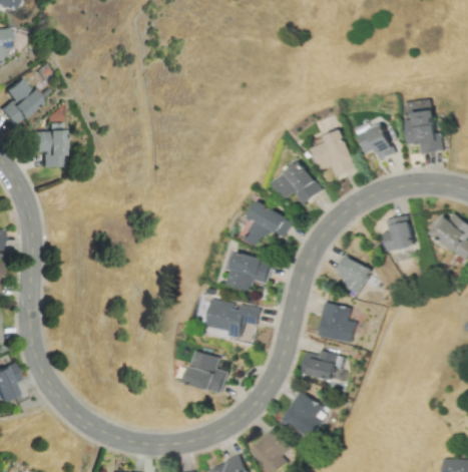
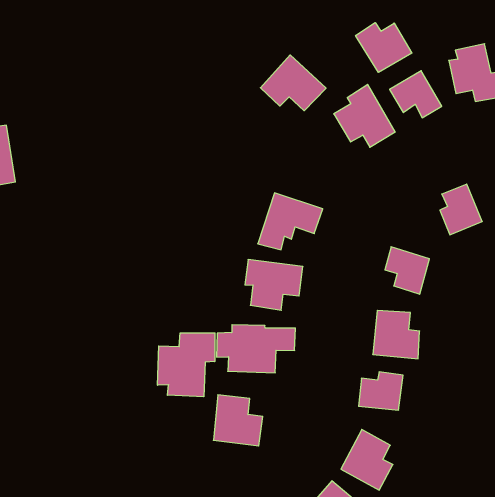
building: none -> [356,23,412,72]
building: [274,161,324,205] -> [260,55,326,111]
building: none -> [158,333,215,397]

